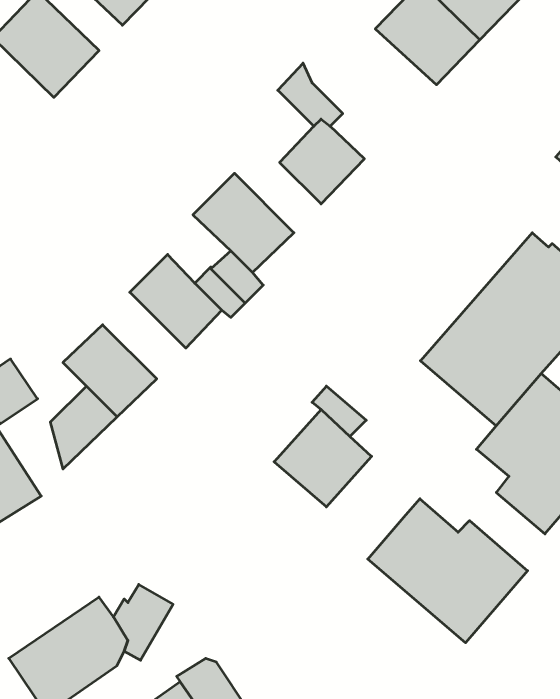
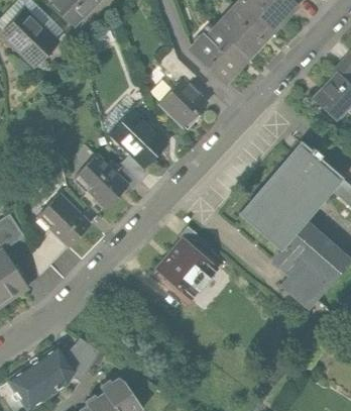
building: none -> [189,28,247,85]
building: [368,499,528,643] -> none

